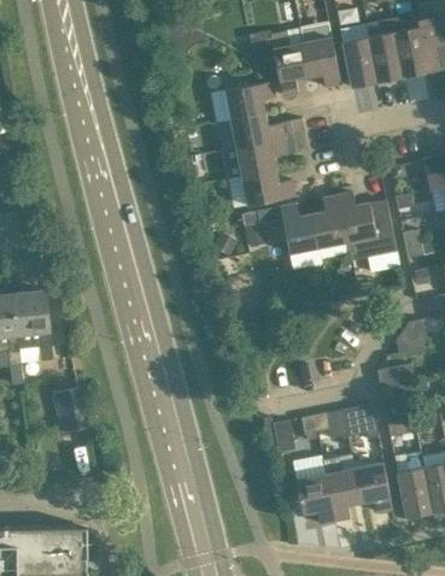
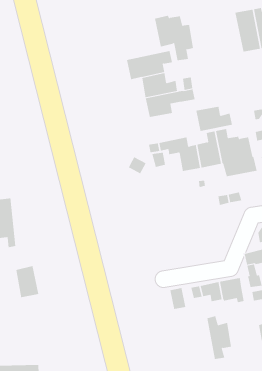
building: [340,27,376,88] -> none
building: [300,36,341,87] -> none
building: [242,170,295,206] -> [195,106,233,132]
building: [297,462,335,524] -> none
building: [355,462,393,512] -> none

